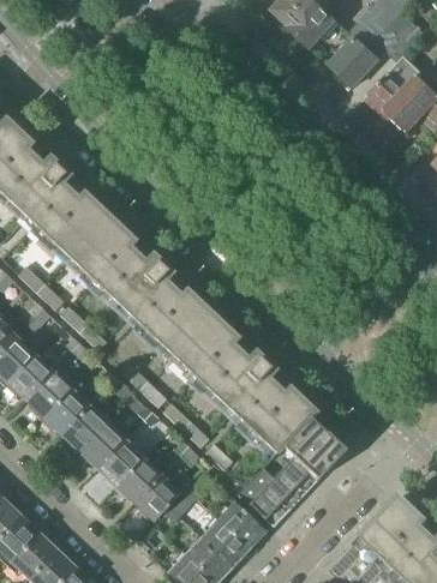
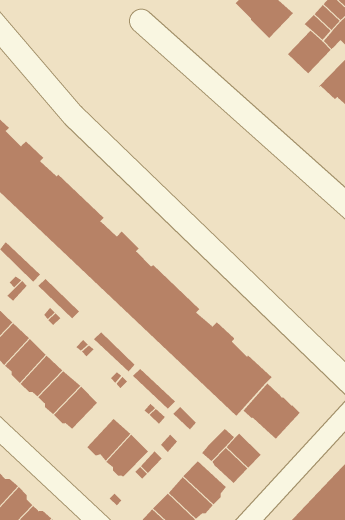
building: [97,439,142,487] -> none
building: [277,456,317,495] -> none

